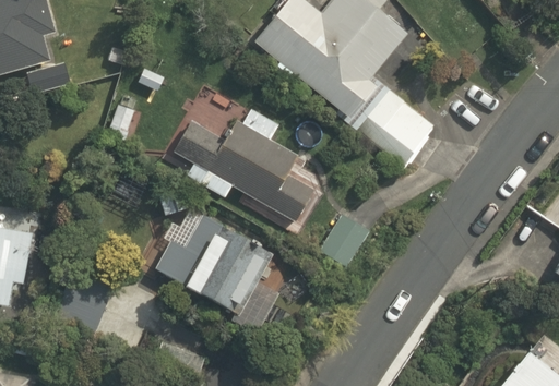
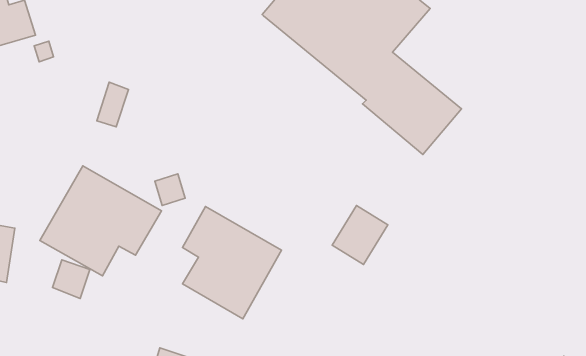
building: [183,109,312,220] -> none
building: none -> [40,166,161,276]

